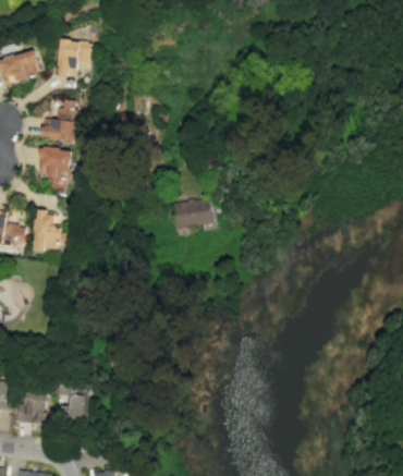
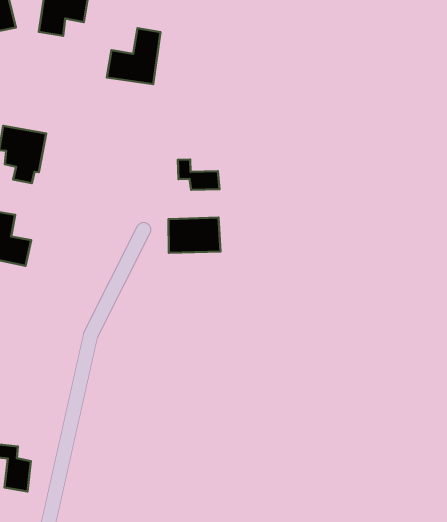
building: [40,100,76,141] -> [107,28,160,84]
building: none -> [178,159,220,190]

